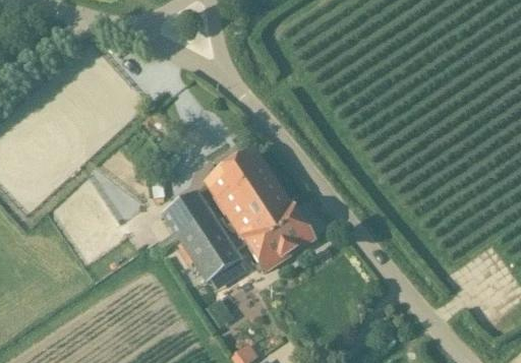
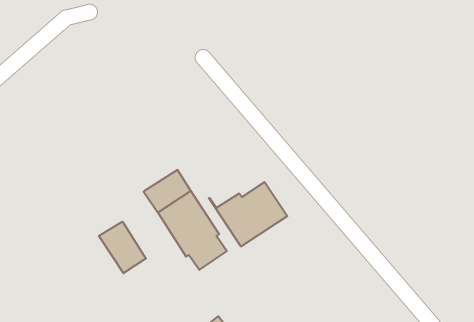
building: [205,147,289,227] -> none
building: none -> [99,222,146,273]

